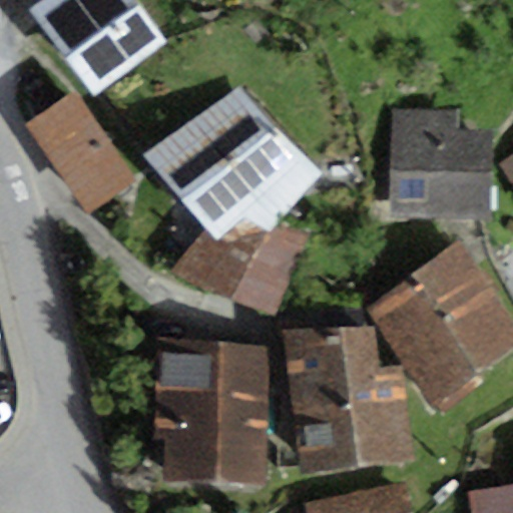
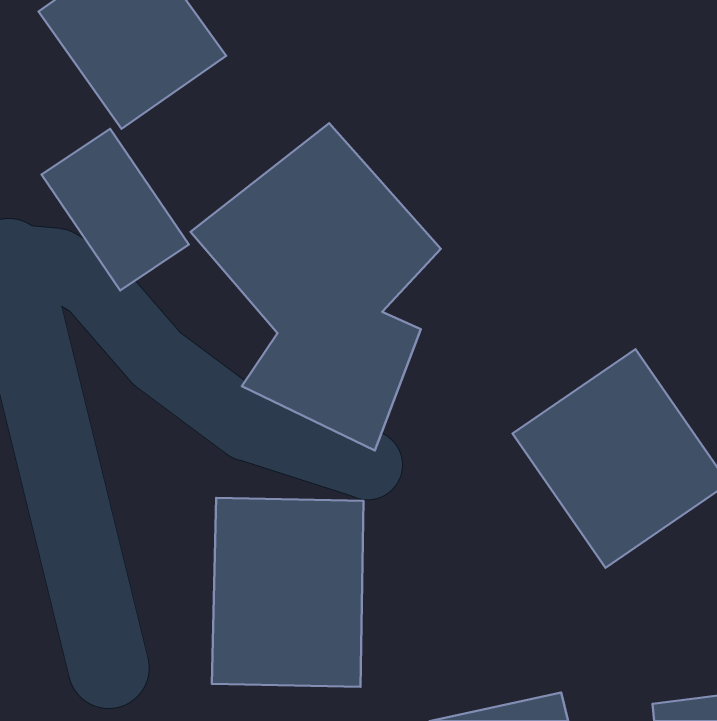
building: [388,107,491,222] -> none
building: [287,334,409,472] -> none

